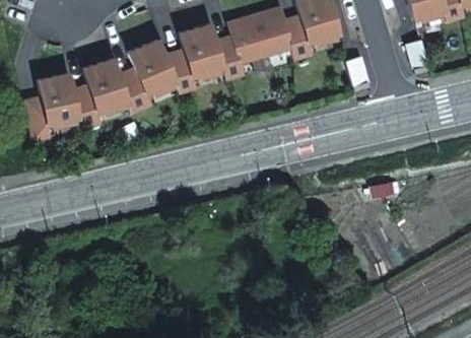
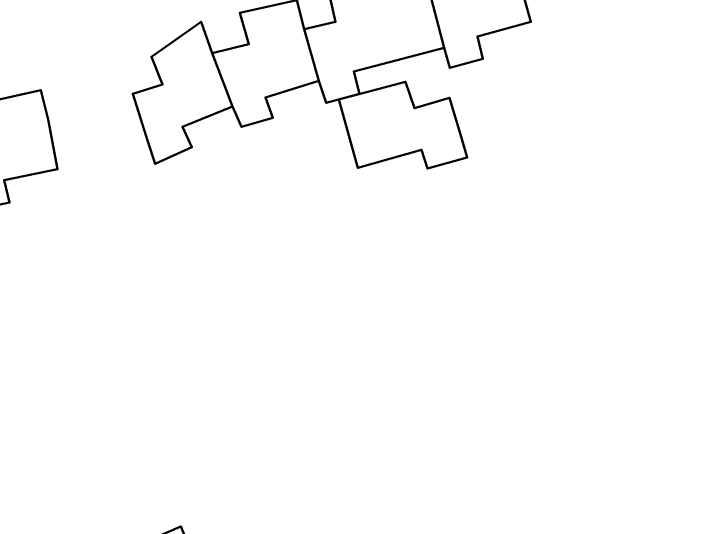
building: [74,59,129,128] -> none
building: none -> [339,82,467,169]

